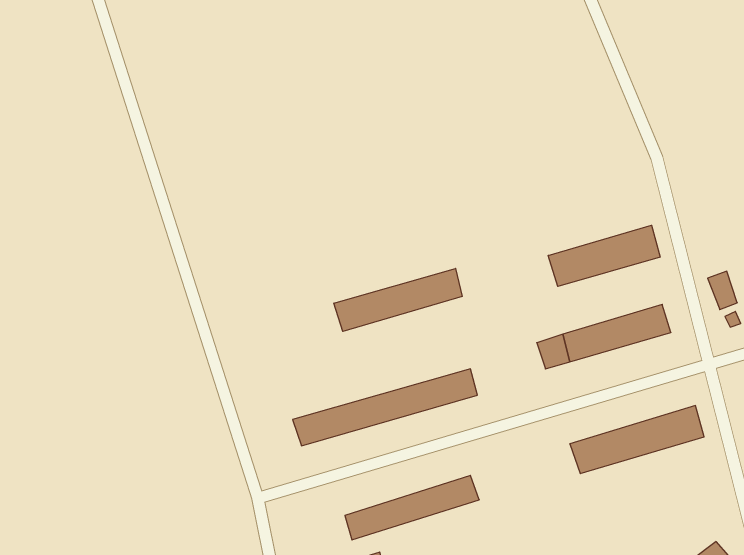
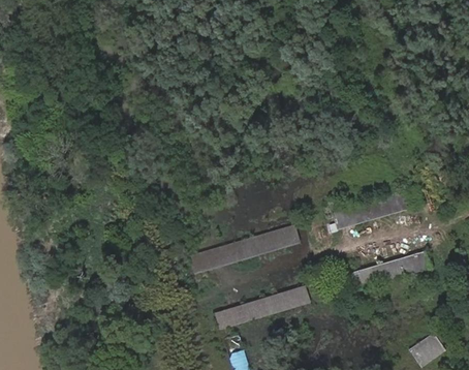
building: [548,225,660,286] -> none
building: [334,268,462,331] -> none

